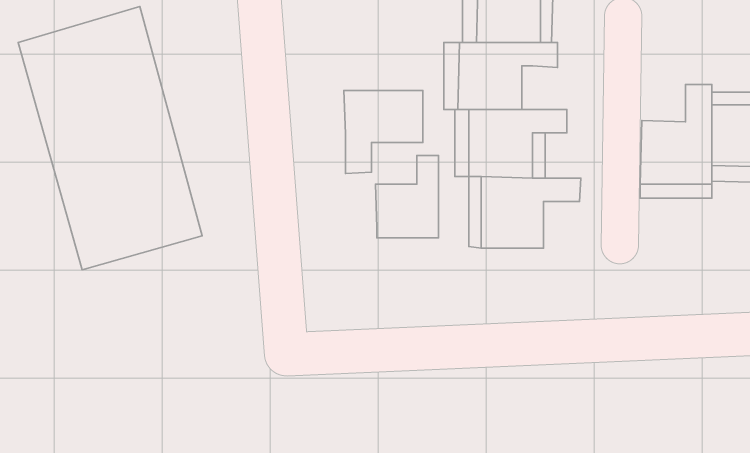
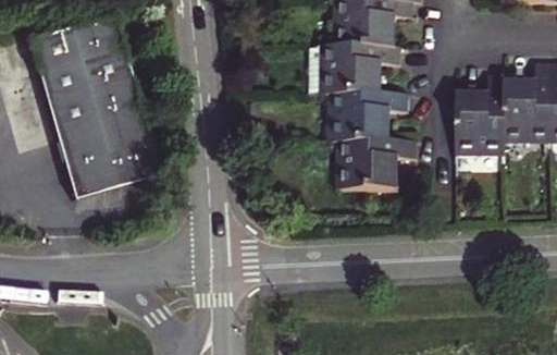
building: [344,91,423,174] -> none
building: [375,156,439,238] -> none

